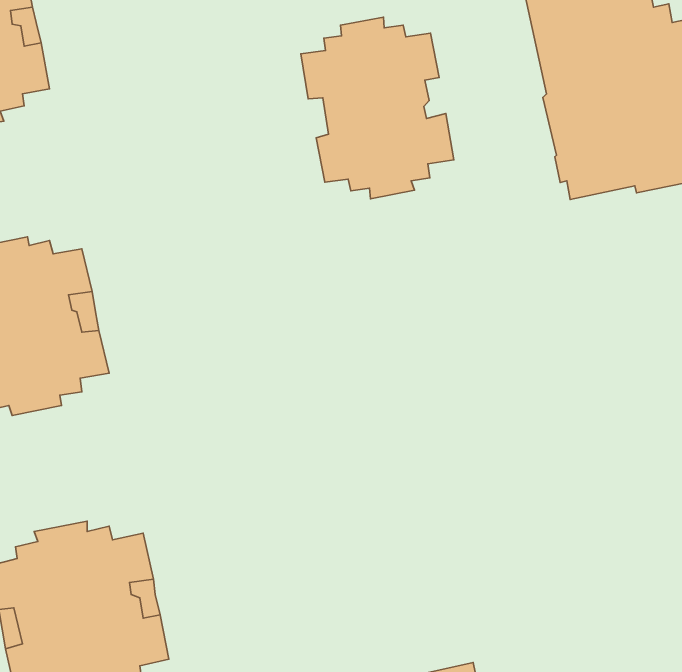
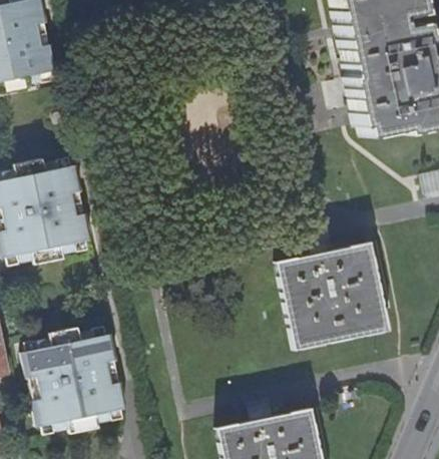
building: [301,17,454,199] -> none
building: none -> [276,243,390,351]

